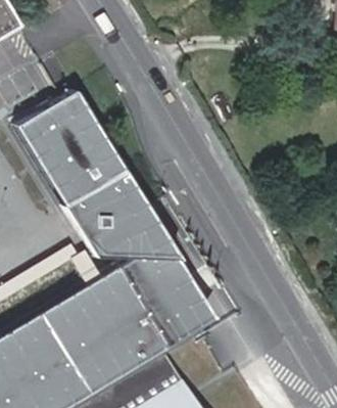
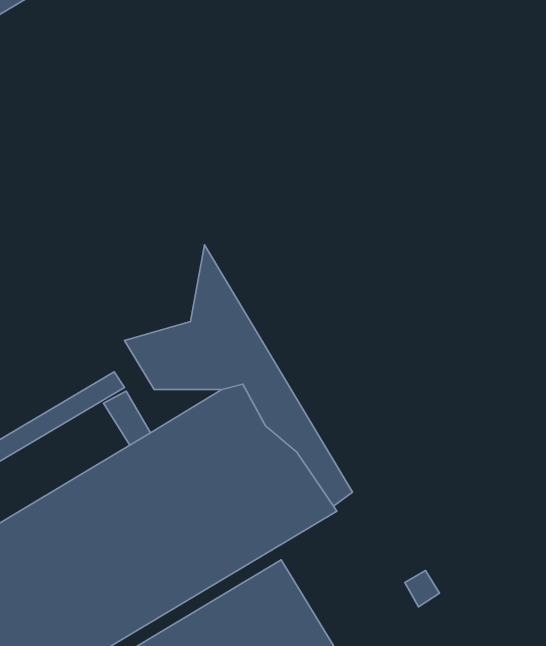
building: [19,90,126,226] -> none

